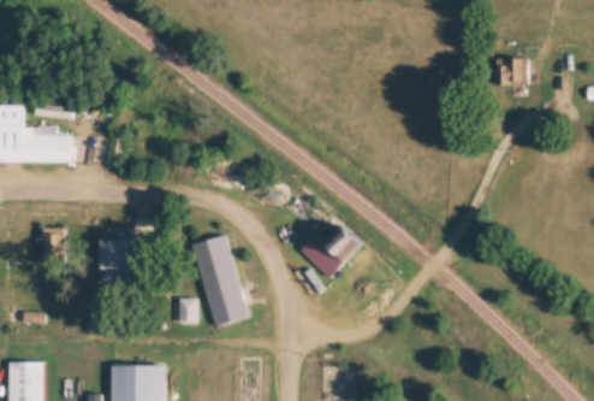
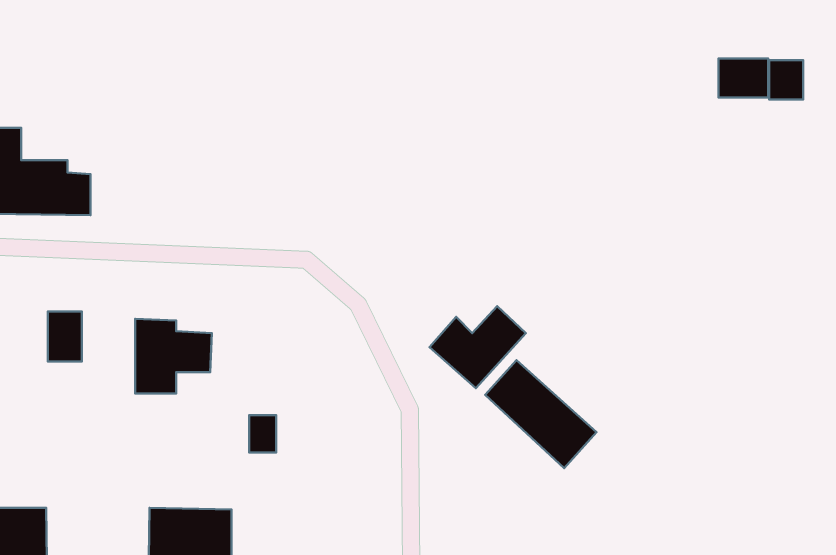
building: none -> [769,60,803,99]
building: [195,236,246,328] -> none
building: none -> [485,360,596,468]

